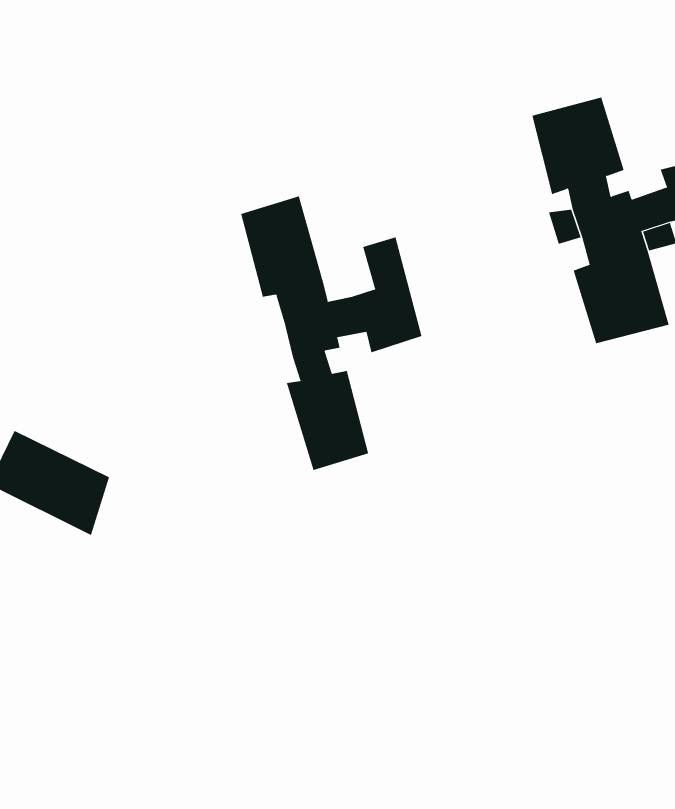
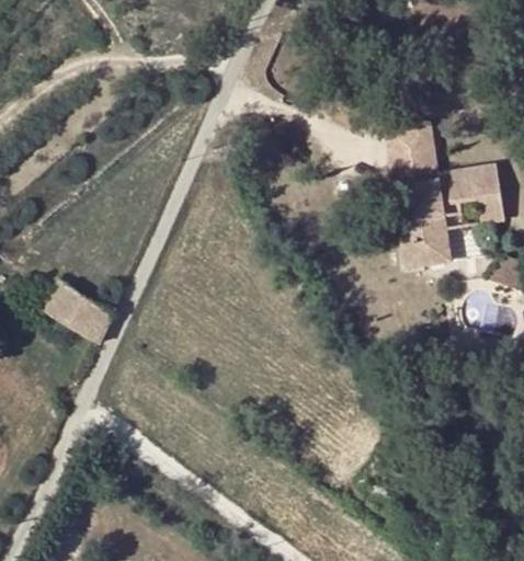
building: [241,195,422,471] -> none

